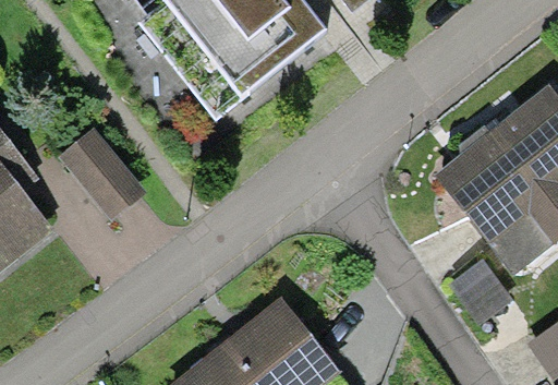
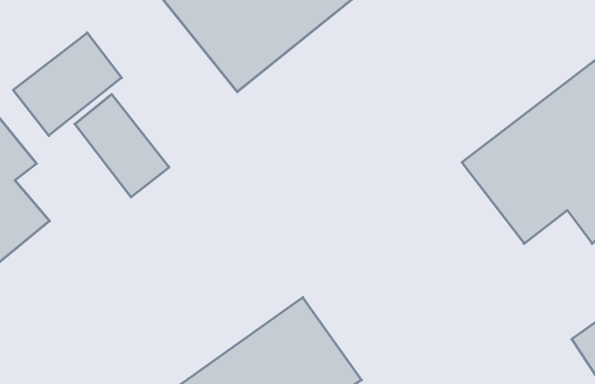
building: none -> [13,33,122,136]

